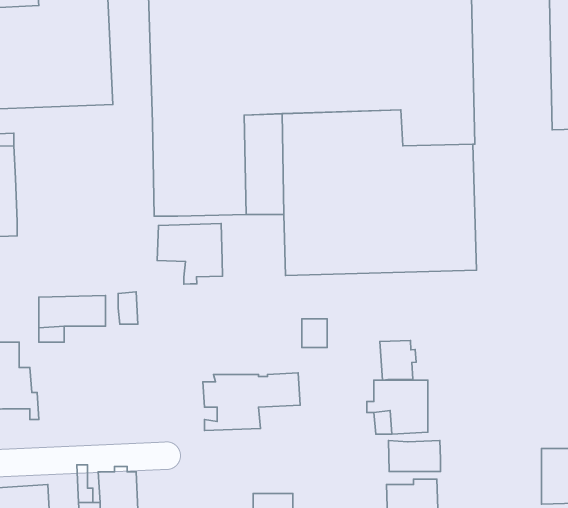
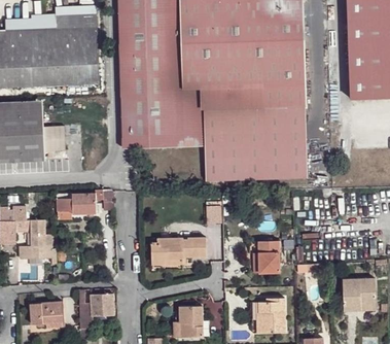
building: none -> [43,126,65,150]
building: [157,224,223,284] -> none
building: [380,341,416,380] -> none
building: [388,441,441,472] -> none

